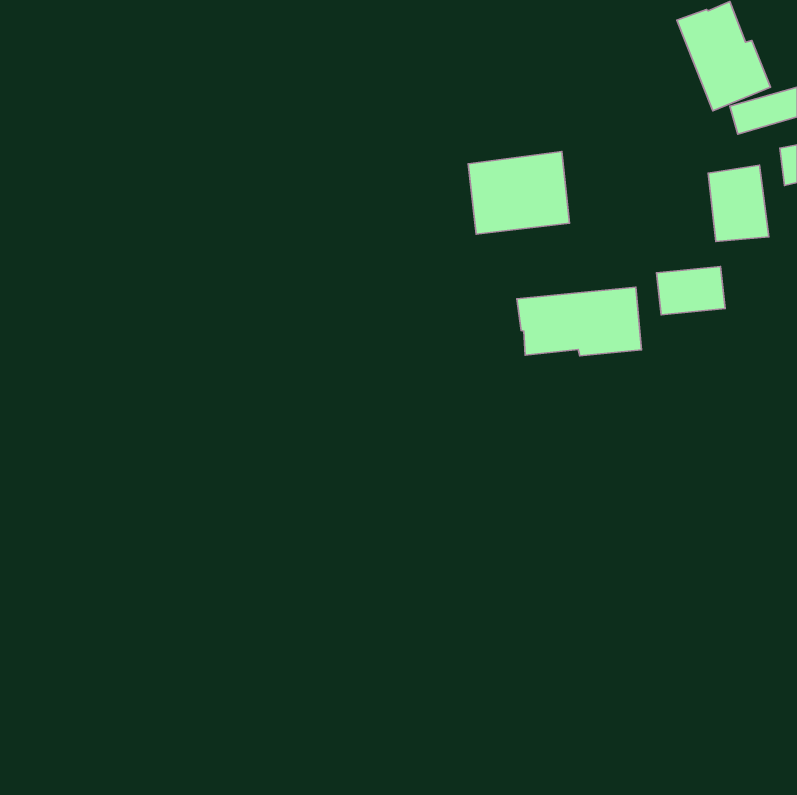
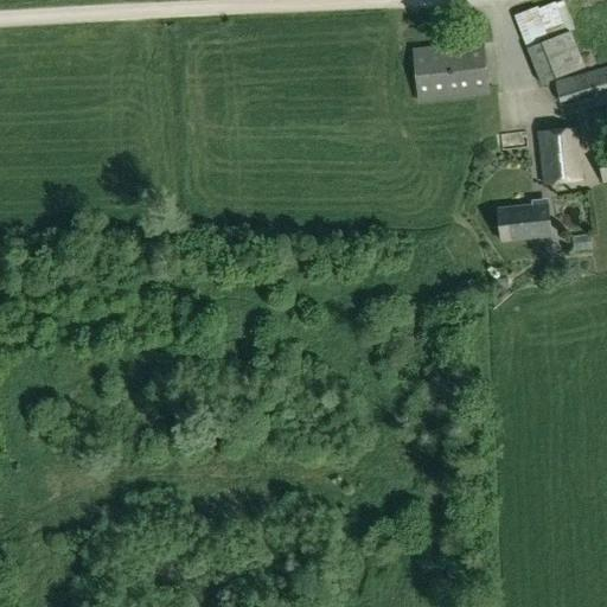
building: [468,151,570,234] -> [414,39,491,102]
building: [517,287,641,356] -> none

